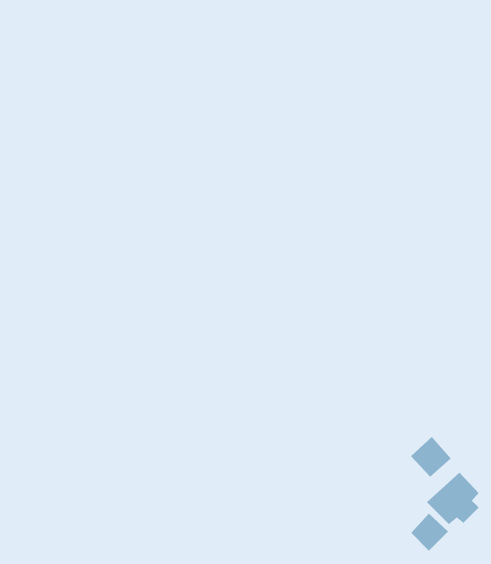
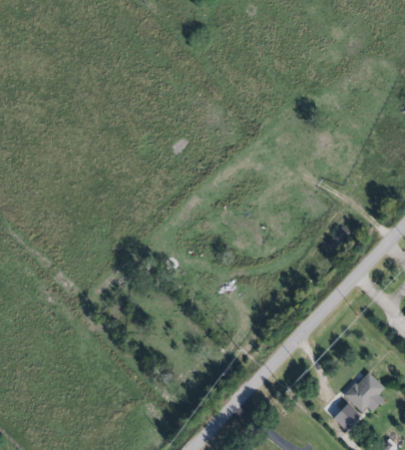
building: [410,436,452,477] -> none

